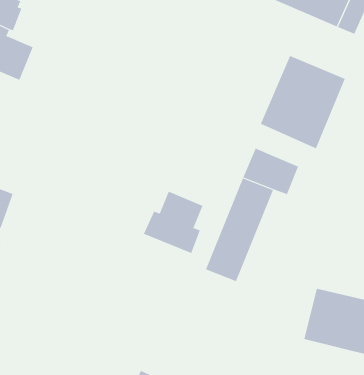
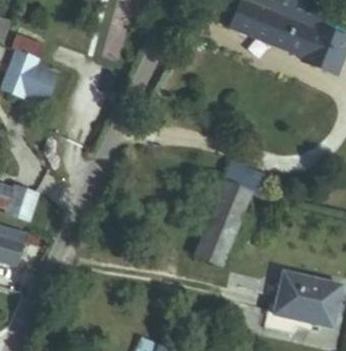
building: [260,55,345,149] -> none
building: [143,191,203,254] -> none

